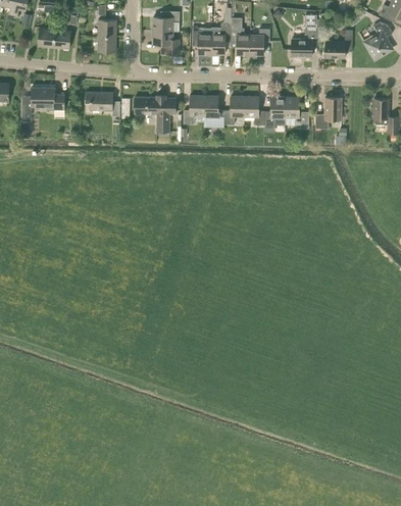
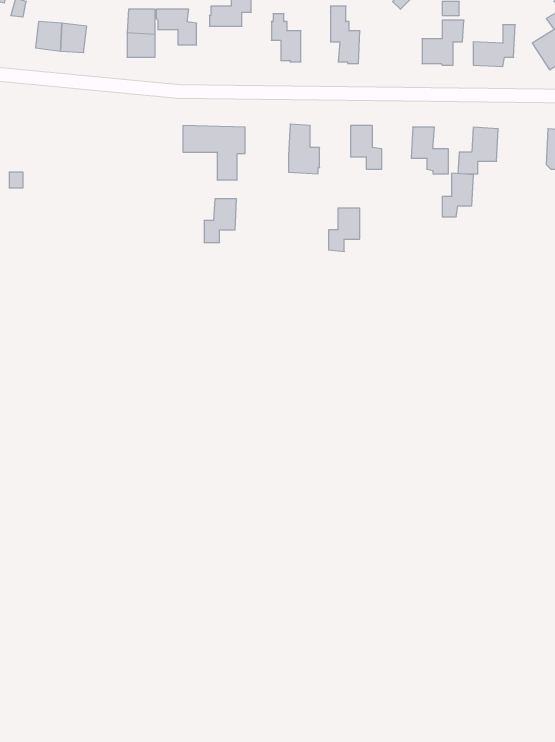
building: [211,21,231,55] -> none
building: [249,29,269,55] -> none
building: [151,31,178,54] -> [156,9,197,45]
building: [21,87,64,120] -> none
building: [85,92,119,115] -> none
building: [183,95,204,123] -> [204,199,237,242]
building: [223,96,244,124] -> [329,208,360,252]
building: [264,96,285,124] -> [442,173,473,217]

